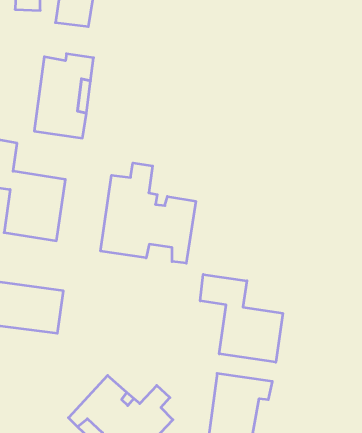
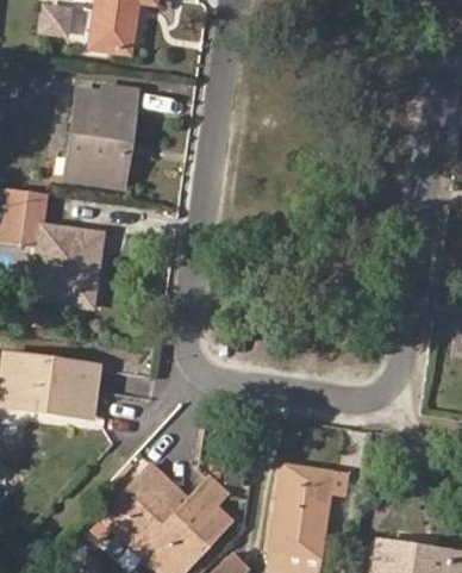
building: [101,163,196,263] -> none
building: [200,274,283,362] -> none

